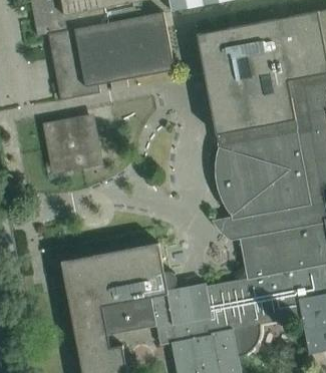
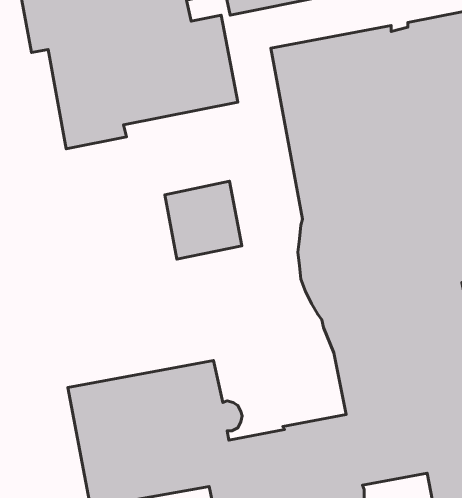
building: [47,117,98,169] -> [165,181,242,259]

